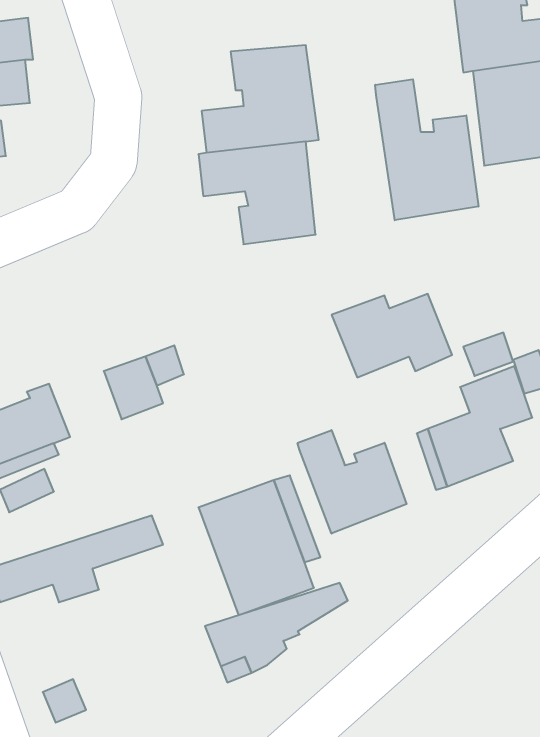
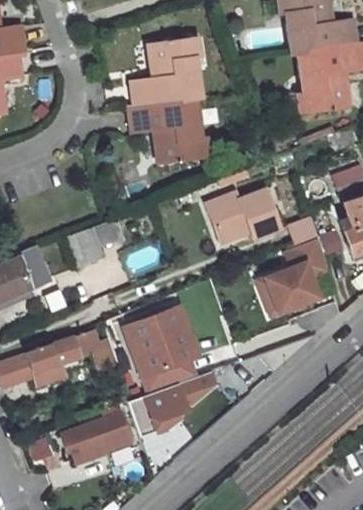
building: [375,79,478,220] -> none
building: [298,430,407,534] -> none
building: none -> [63,410,134,463]

